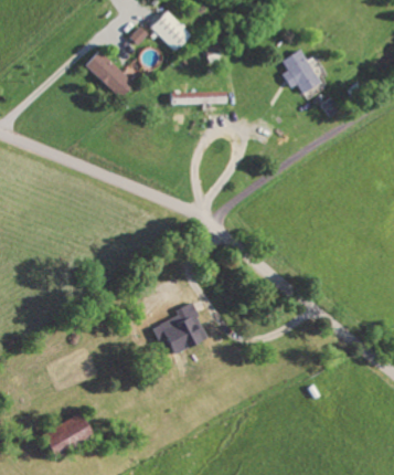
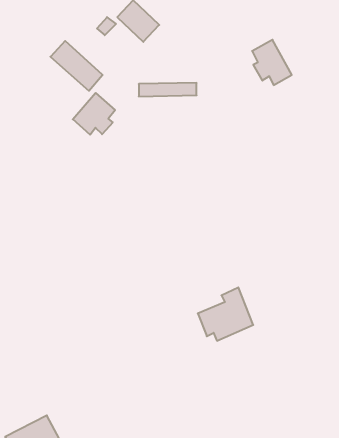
building: none -> [73,93,115,135]
building: [155,302,209,353] -> [198,287,253,341]

